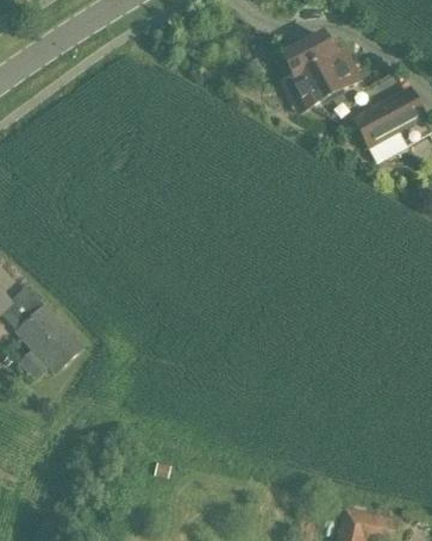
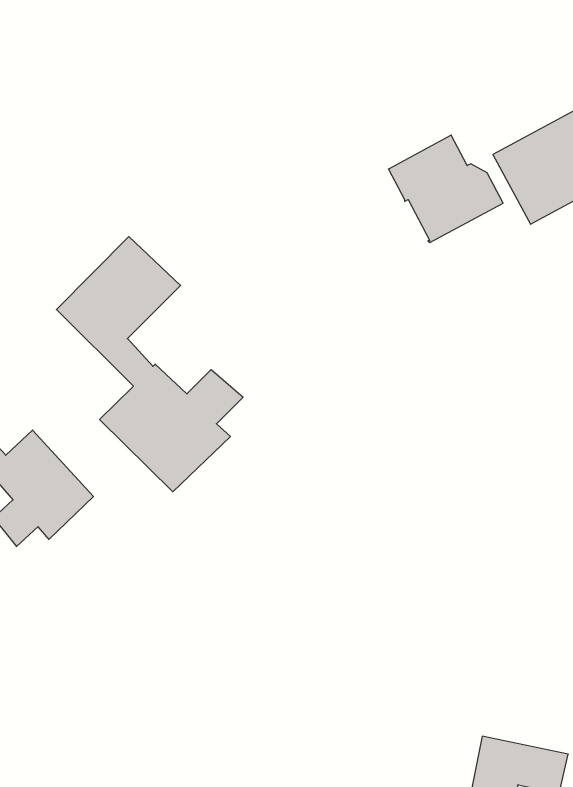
building: [281,32,357,104] -> [388,135,503,243]
building: none -> [56,237,243,492]

